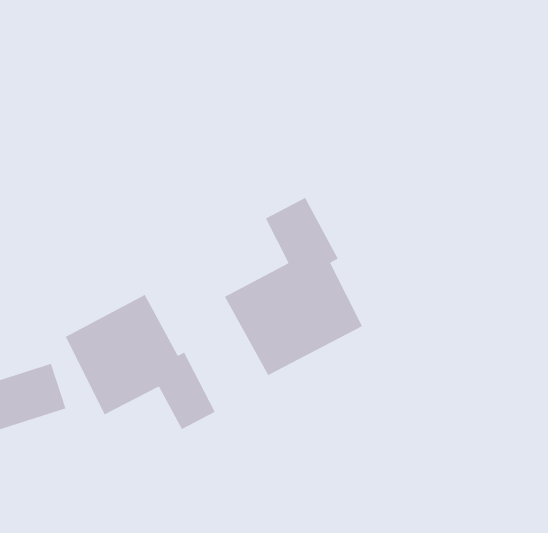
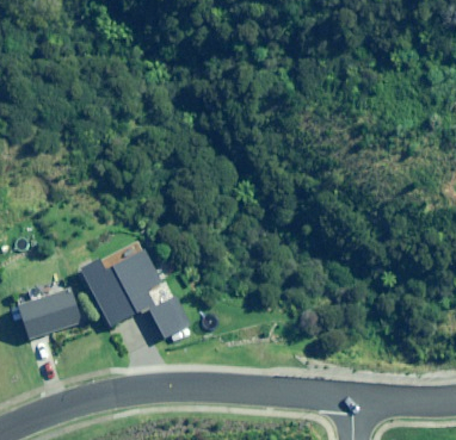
building: [224,197,363,376] -> none

